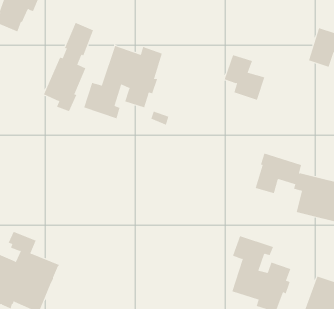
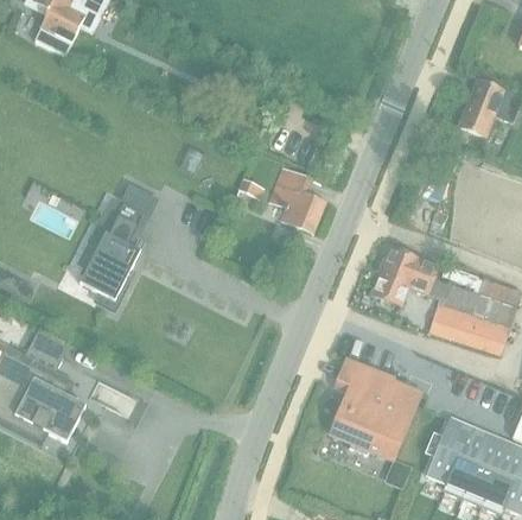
building: [43,22,94,112] -> [78,185,154,307]
building: [83,45,162,119] -> none
building: [224,55,265,100] -> [268,166,325,232]

